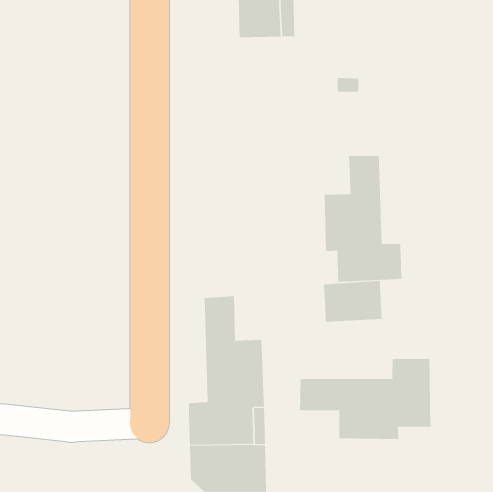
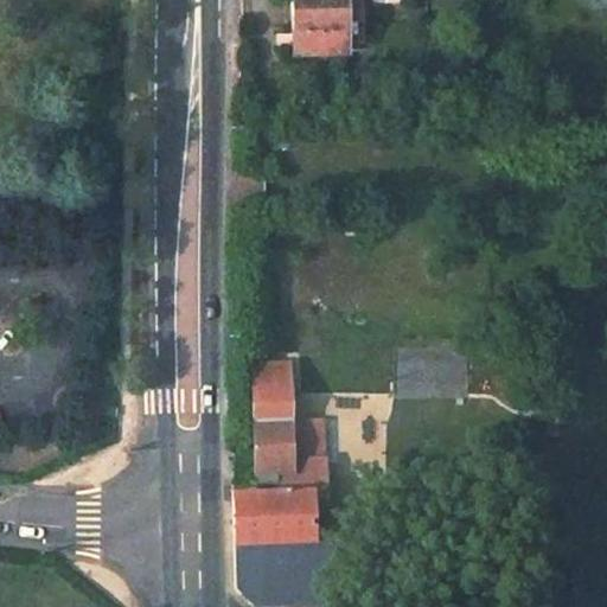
building: [324,155,402,283] -> none
building: [299,358,431,440] -> none

